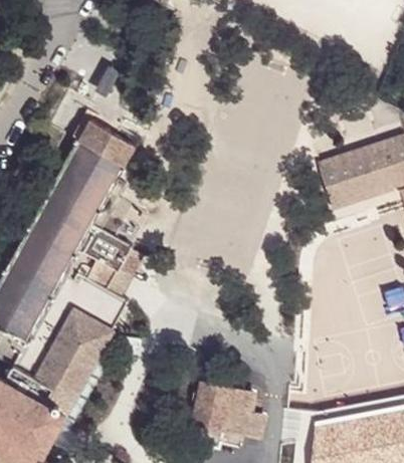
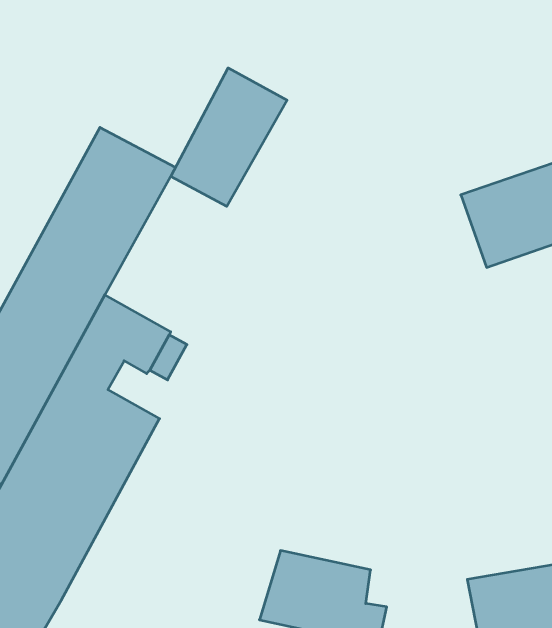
building: none -> [171,68,287,206]

